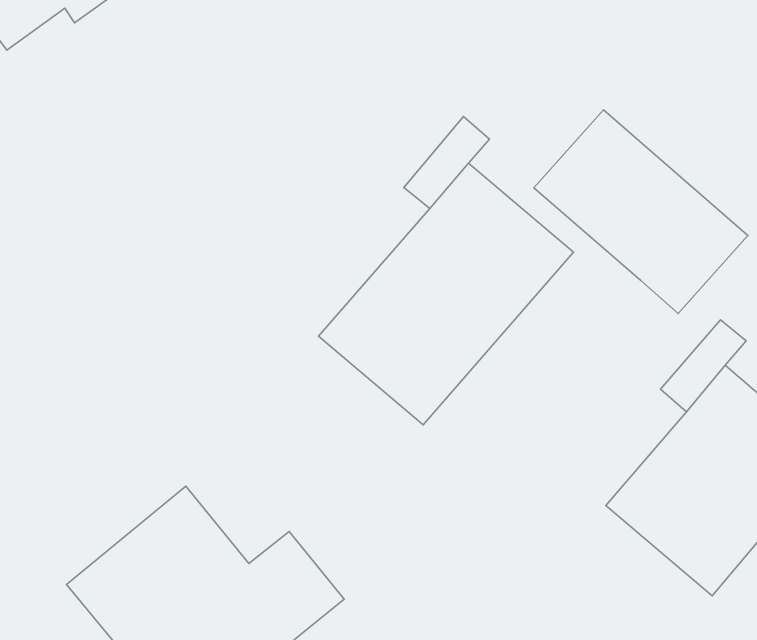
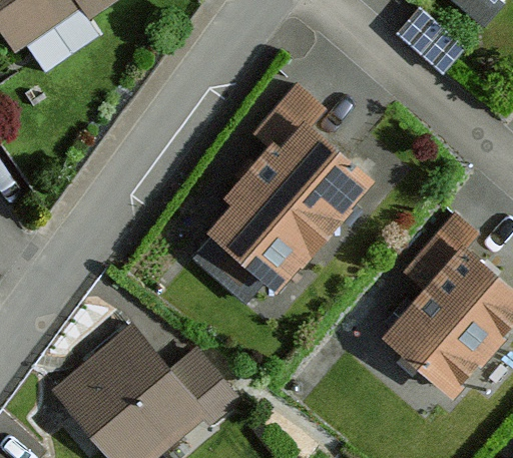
building: [534,110,748,313] -> none

